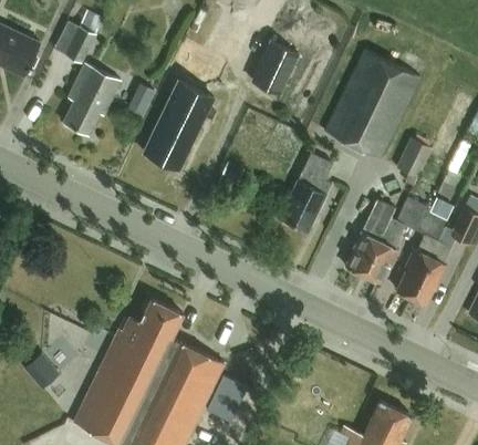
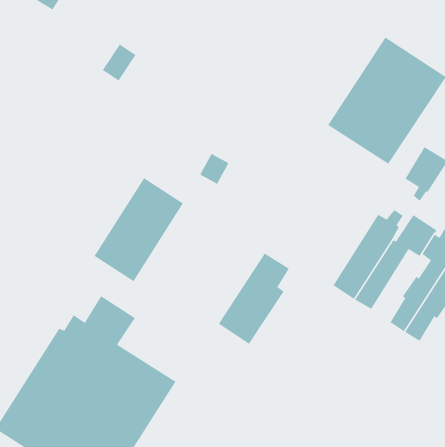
building: [250,41,297,94] -> none
building: [62,63,120,136] -> none
building: [142,81,212,170] -> [94,177,184,282]
building: [278,153,333,232] -> [218,252,290,345]

